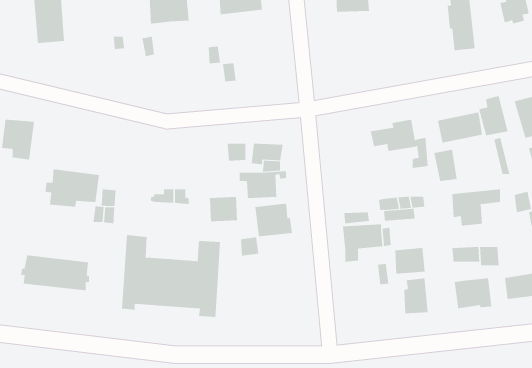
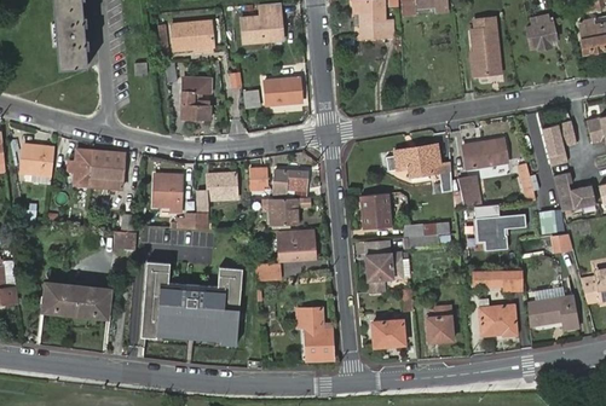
building: none -> [264,75,302,104]
building: none -> [180,76,210,120]
building: [479,95,508,136] -> none
building: none -> [154,174,181,213]
building: none -> [359,192,389,228]
building: [45,169,100,207] -> [68,147,123,186]
building: [209,197,238,222] -> [207,174,236,199]
building: [394,248,426,274] -> [373,319,404,346]
building: none -> [305,308,334,361]

